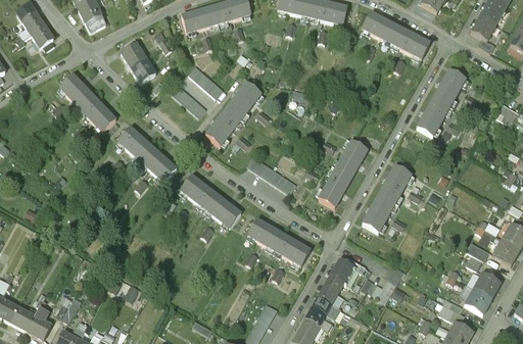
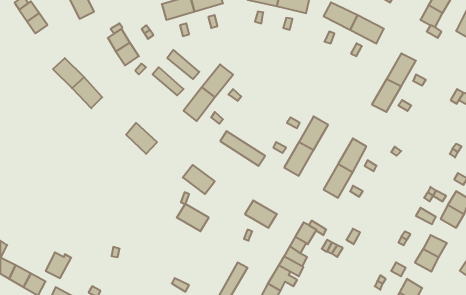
building: [117,127,152,160] -> none
building: [180,175,216,208] -> none
building: [247,218,283,249] -> [177,204,209,231]

